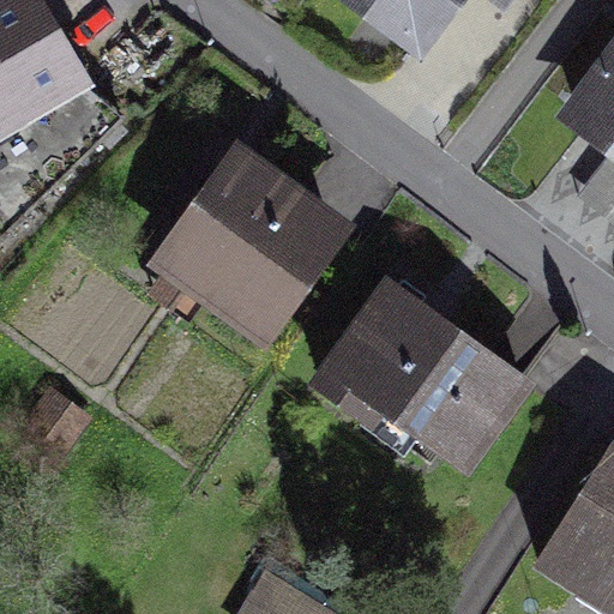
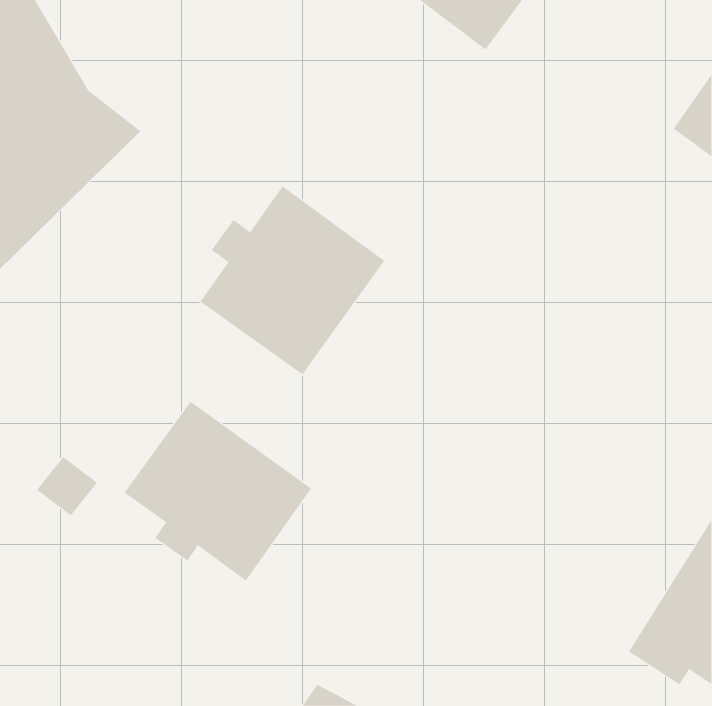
building: [320,284,522,459] -> none
building: none -> [124,401,312,581]

